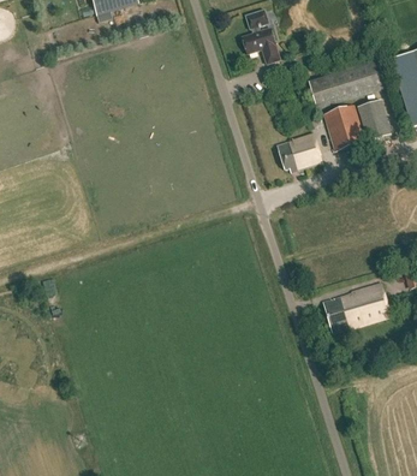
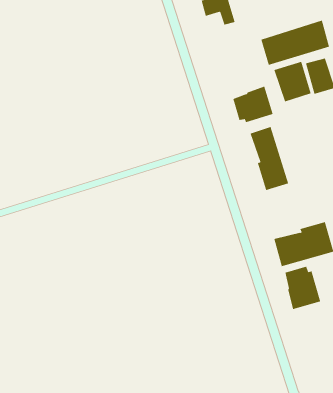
building: none -> [250,126,289,191]
building: none -> [285,266,321,310]

